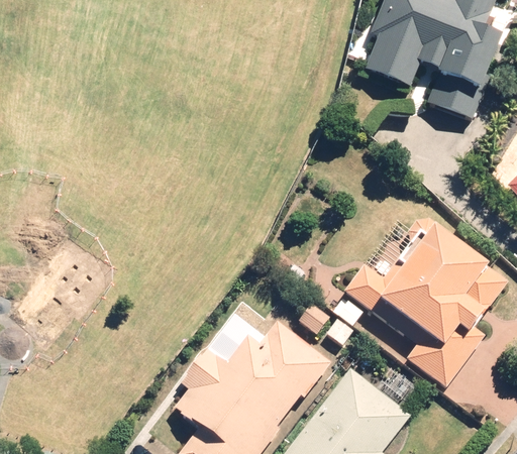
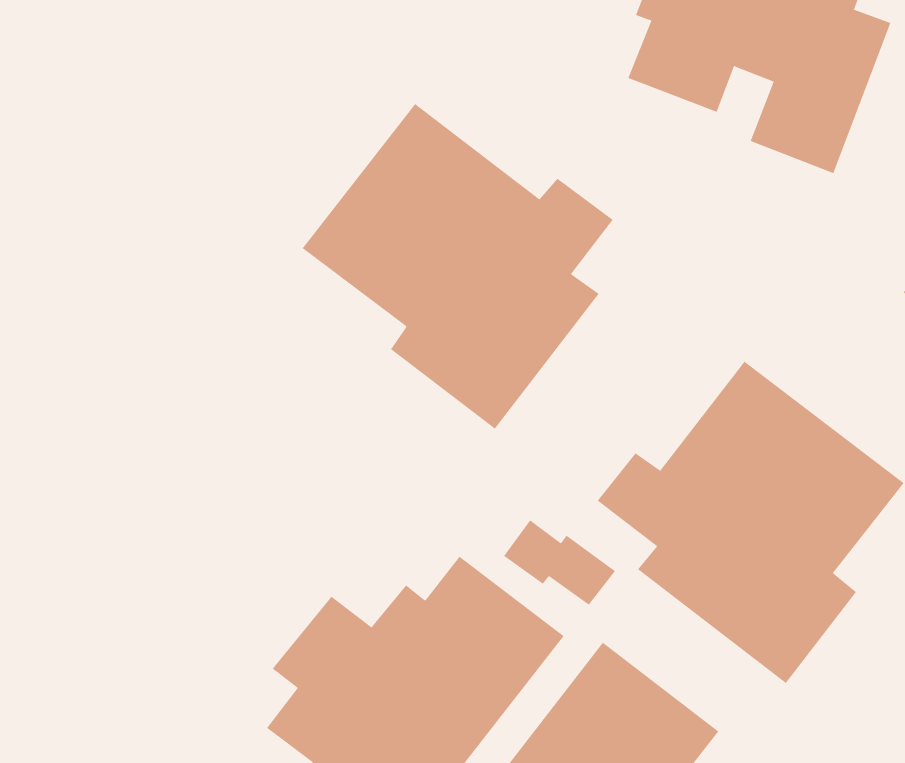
building: none -> [302,103,613,430]

